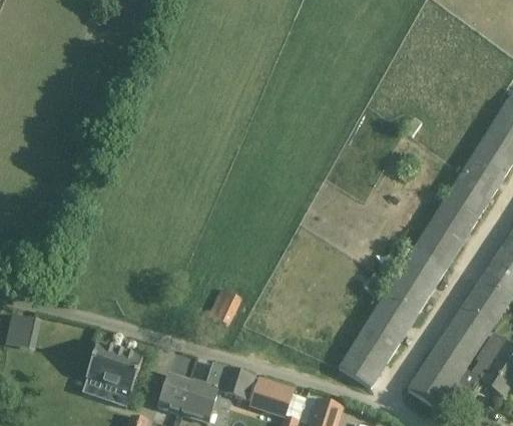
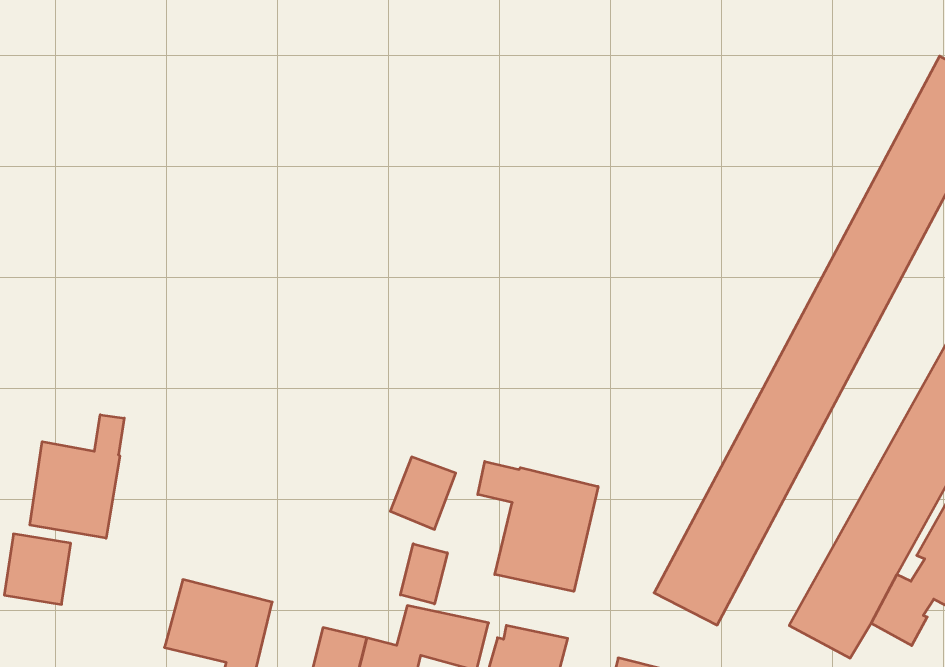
building: none -> [30,415,124,538]
building: none -> [478,461,598,591]
building: none -> [400,544,447,604]

